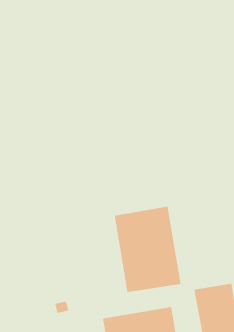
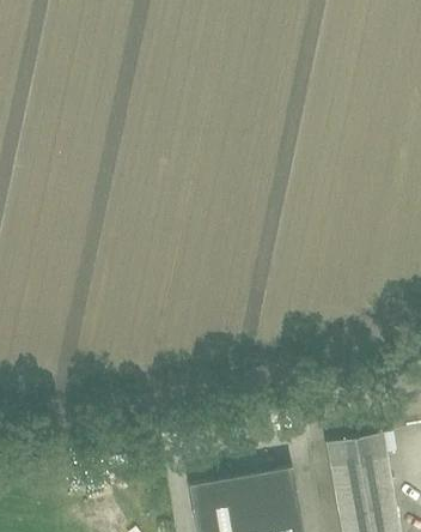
building: [114,206,181,293] -> none

